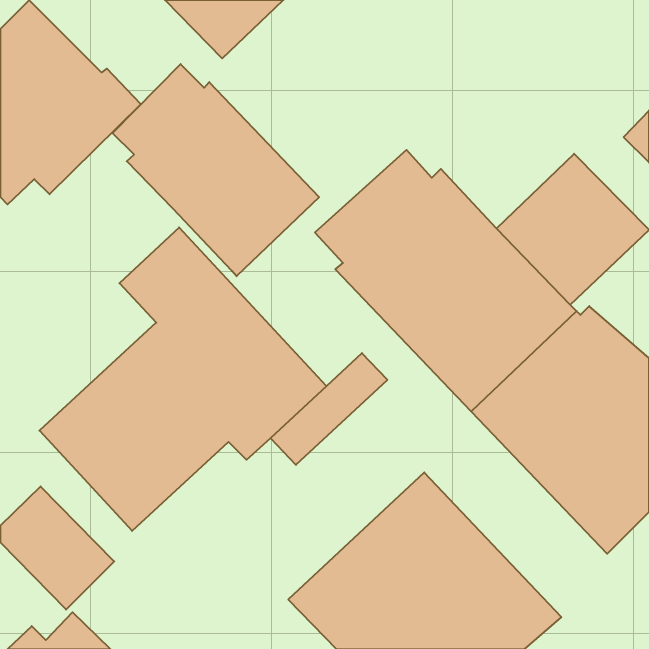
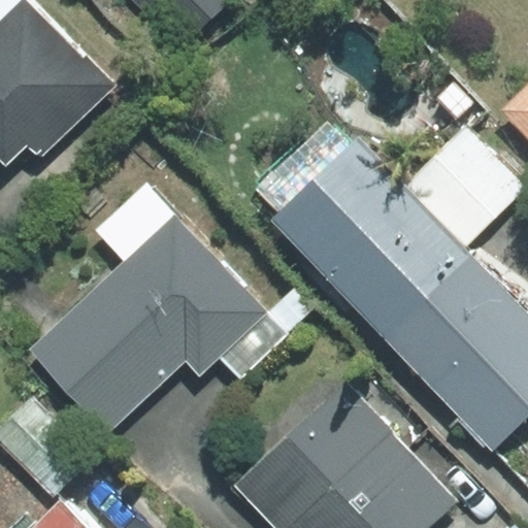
building: [112,64,319,276] -> none

